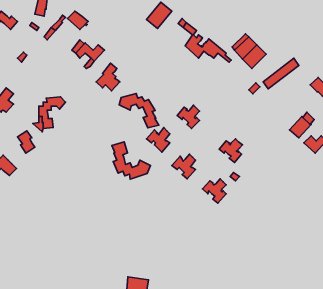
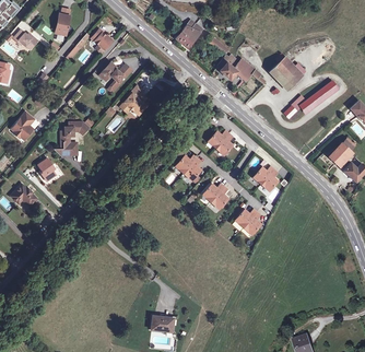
building: [119,93,159,128] -> none
building: [112,142,150,179] -> none

